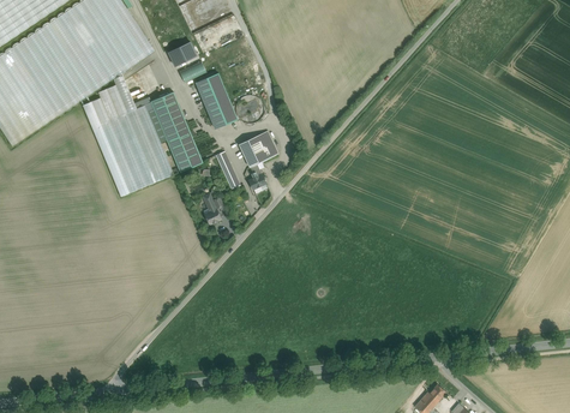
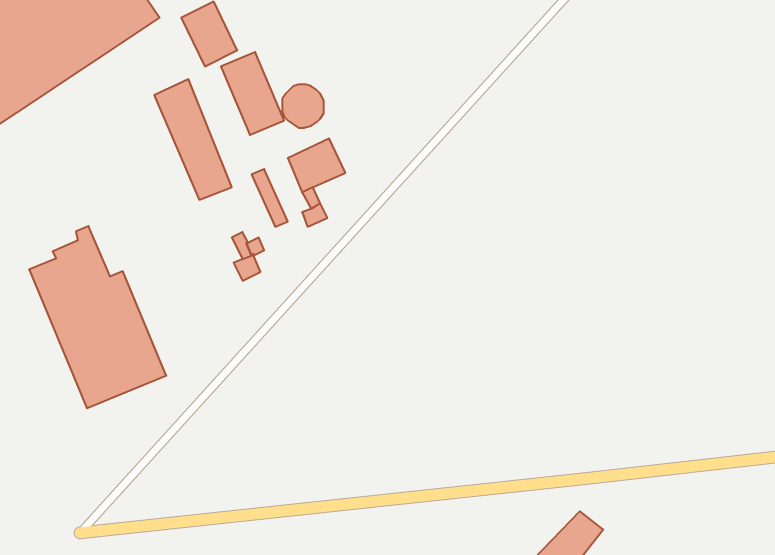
building: [82,76,173,197] -> [29,226,166,408]

